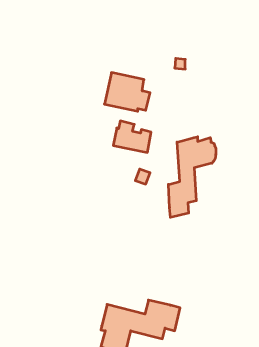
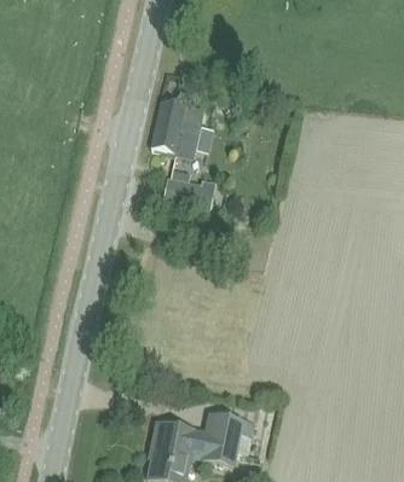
building: [168,137,216,217] -> none

